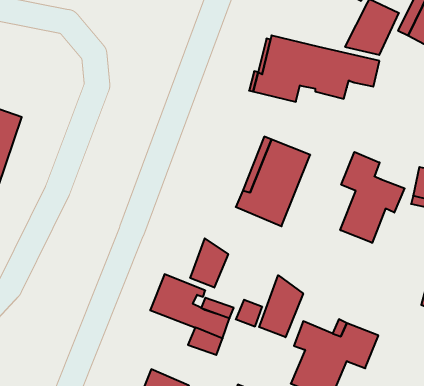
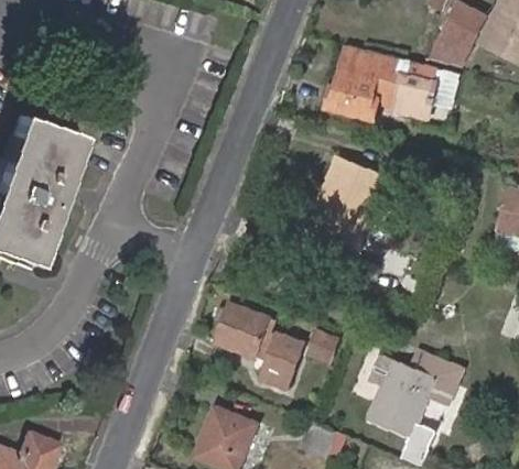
building: [340,152,405,243] -> none
building: [190,238,228,288] -> none
building: [259,275,303,337] -> none

